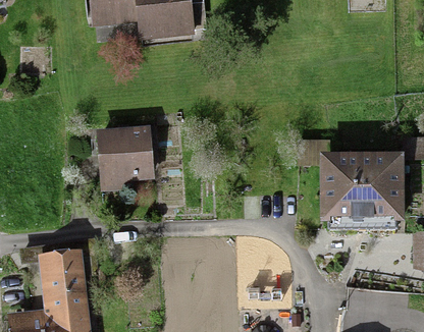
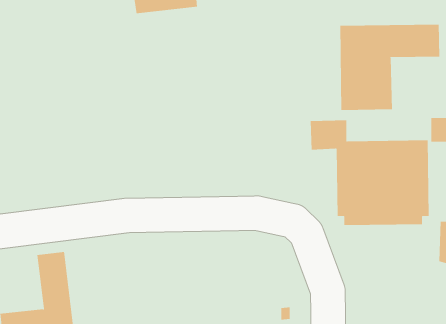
building: none -> [340,24,440,111]
building: [96,126,155,191] -> none

